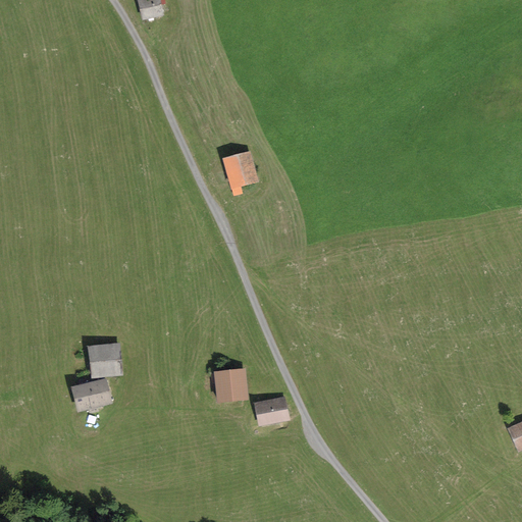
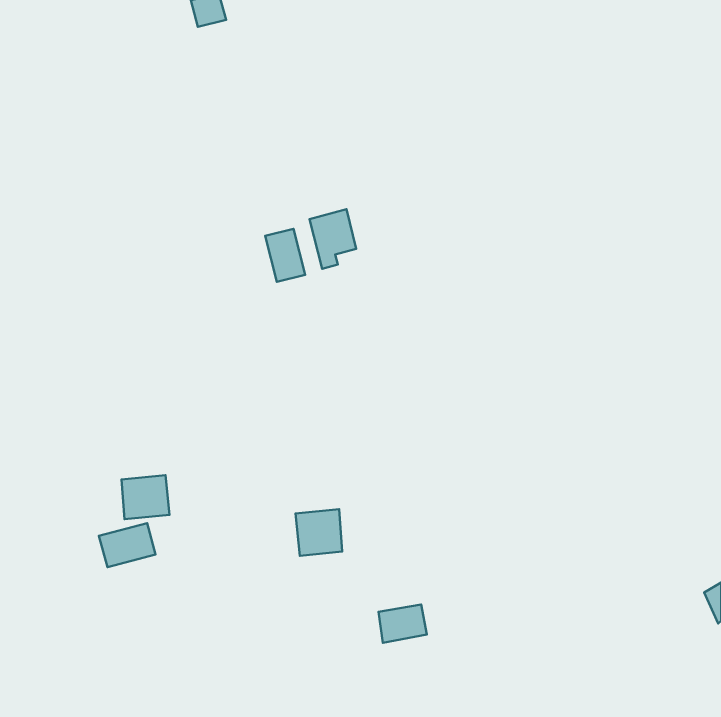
building: none -> [265,229,305,282]
building: [256,397,291,424] -> [379,605,427,643]

